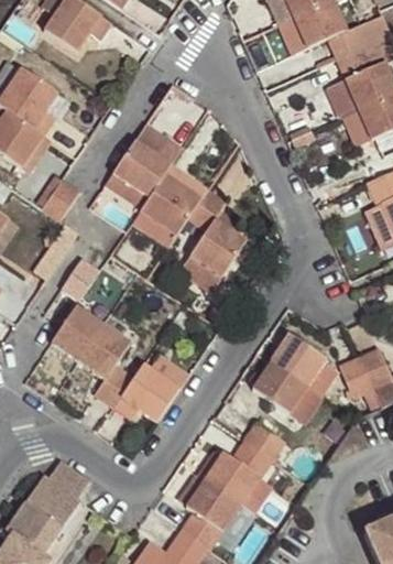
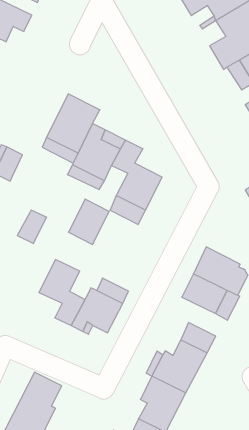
building: [51,305,103,361] -> [68,199,109,244]

